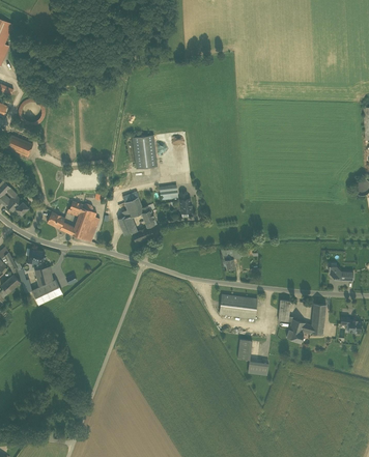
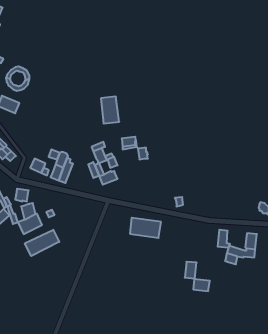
building: [220,294,258,319] -> [130,218,161,238]
building: none -> [25,230,59,256]

